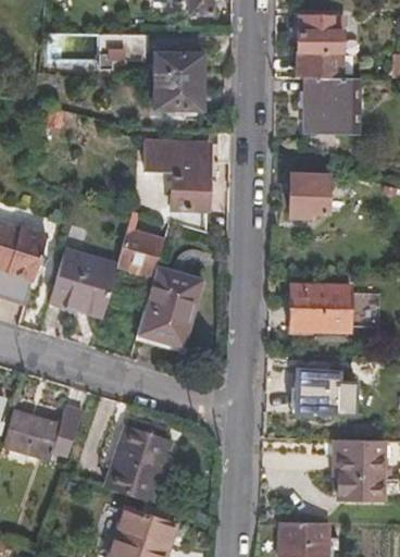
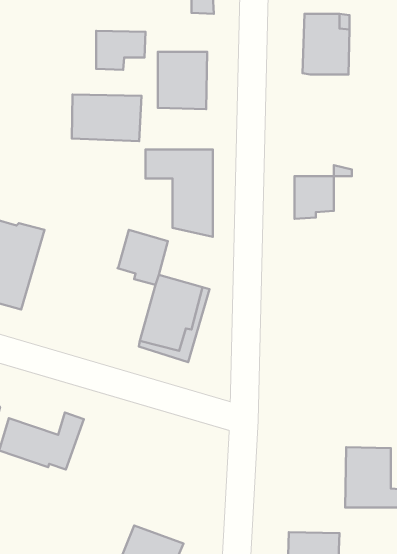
building: [303,75,359,134] -> none
building: none -> [72,94,141,141]
building: [51,247,118,313] -> none
building: [293,284,354,332] -> none
building: [292,370,354,414] -> none
building: [104,421,173,500] -> none

